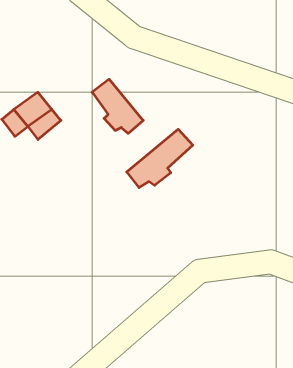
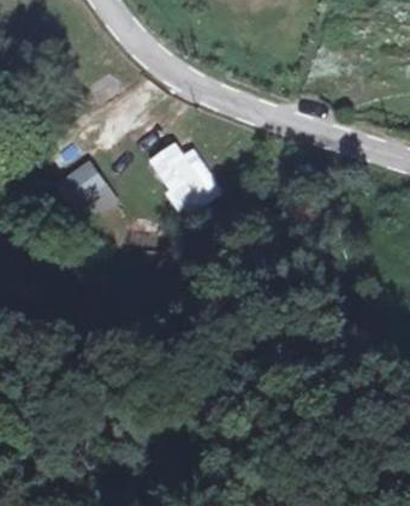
building: [127,129,193,188] -> none

